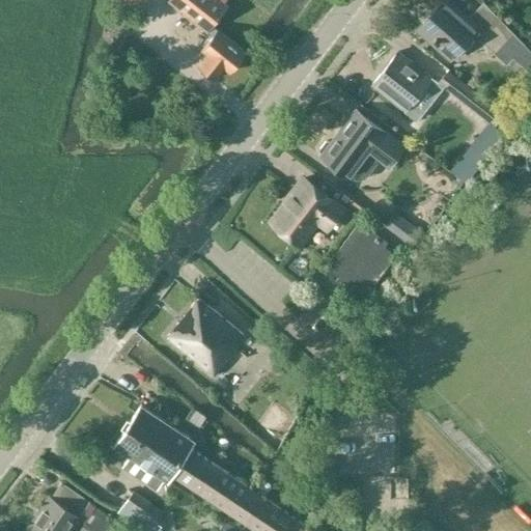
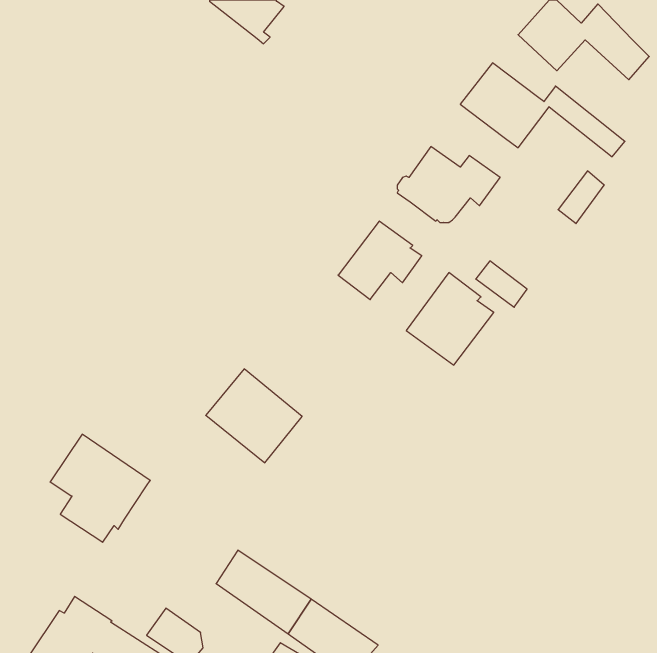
building: [199,32,246,82] -> none
building: [114,406,195,493] -> [50,434,150,542]

